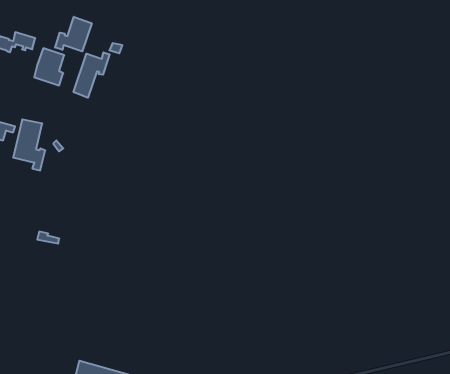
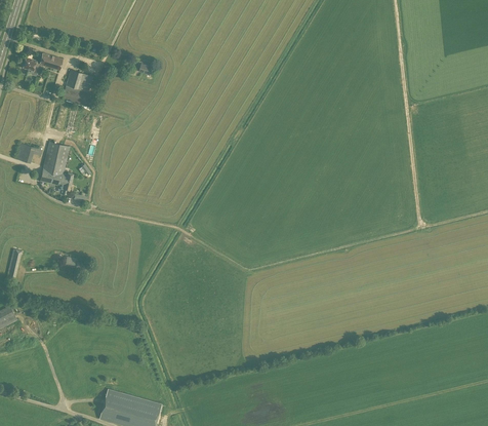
building: [55,17,92,51] -> none
building: [74,52,110,98] -> none

